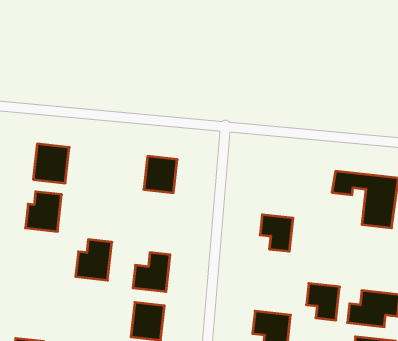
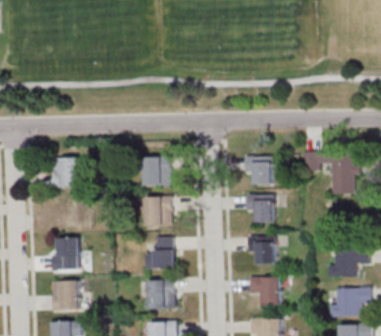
building: none -> [244,156,272,184]
building: none -> [145,197,170,225]
building: [76,240,112,280] -> [52,238,79,270]
building: [306,283,340,320] -> [248,236,274,264]
building: none -> [52,281,79,310]

